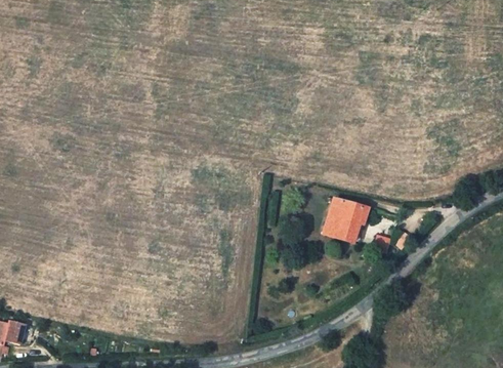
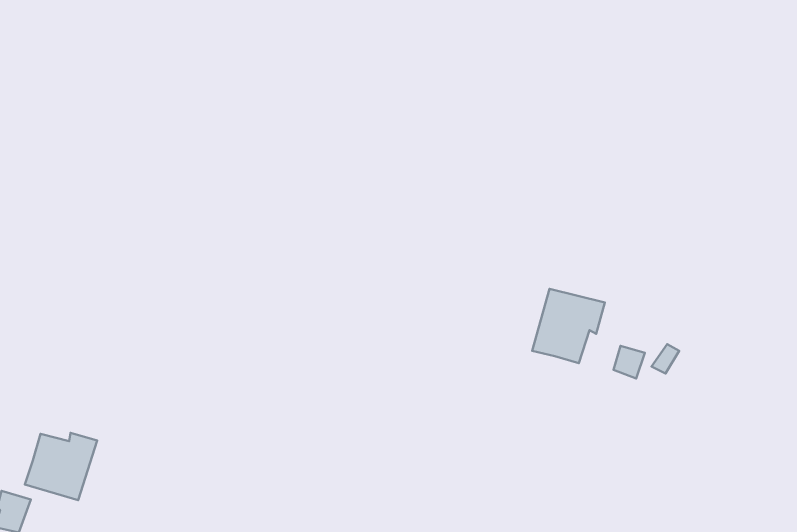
building: none -> [25,433,97,500]

